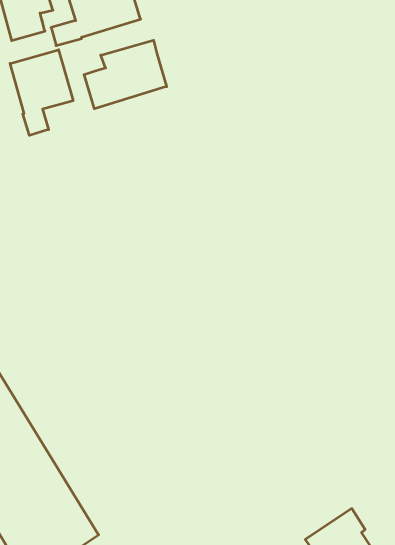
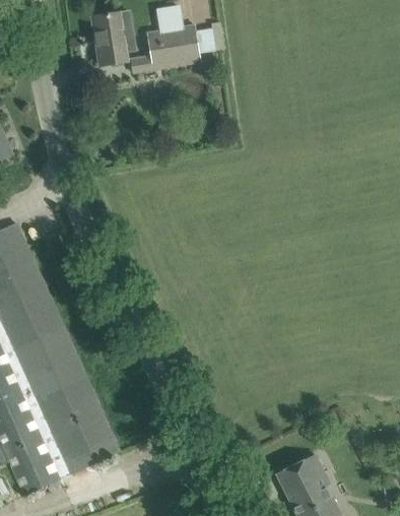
building: [84,40,167,109] -> none
building: [10,50,73,135] -> none

